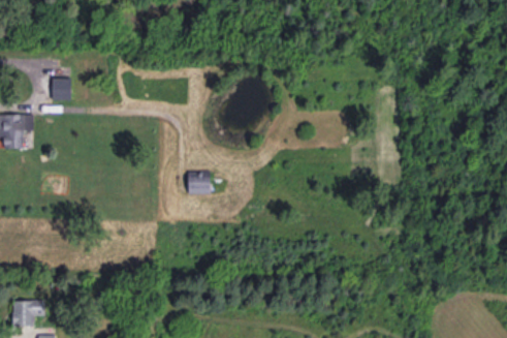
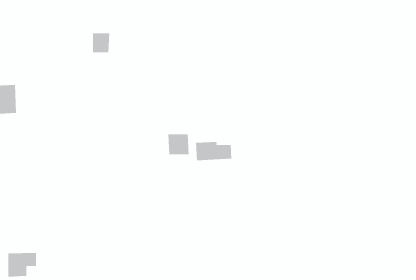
building: [52,78,71,99] -> [92,33,110,53]
building: none -> [196,141,232,161]

